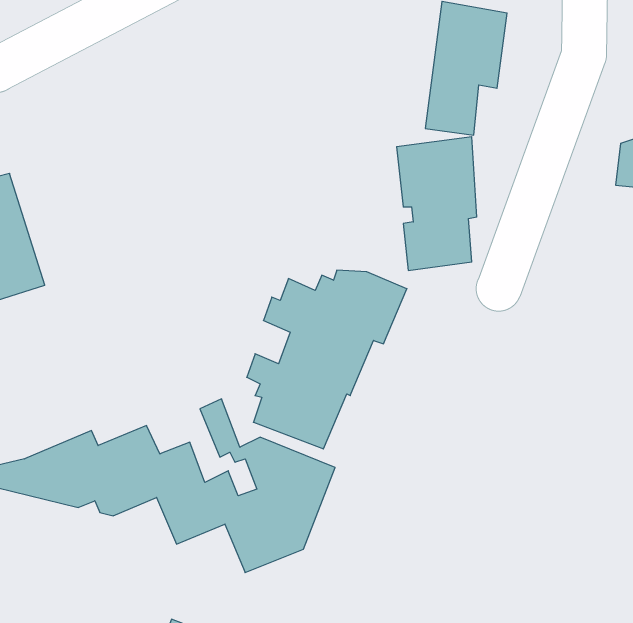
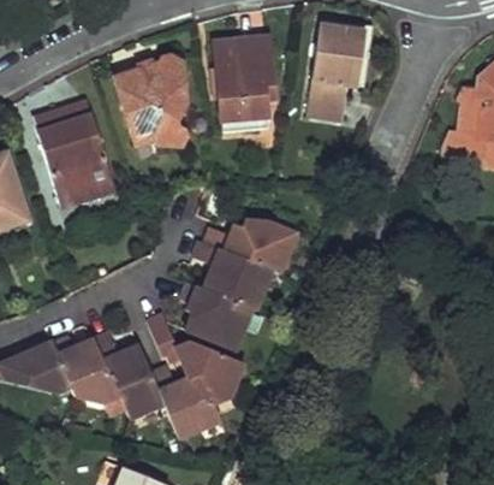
building: none -> [119,48,188,142]
building: none -> [35,100,118,205]
building: [397,137,477,270] -> [215,37,273,134]

